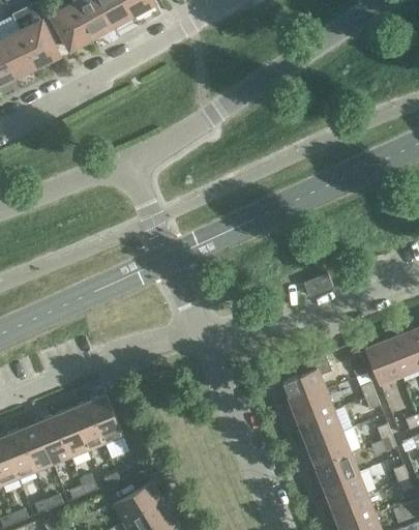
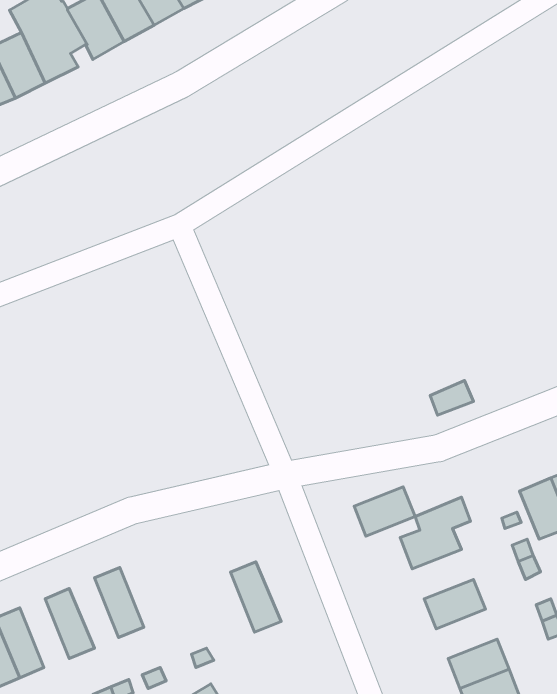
building: [291,390,333,424] -> [354,487,415,536]
building: [88,395,123,444] -> [231,562,281,632]
building: [53,410,87,459] -> none
building: [19,424,53,472] -> none
building: [307,432,350,466] -> none

